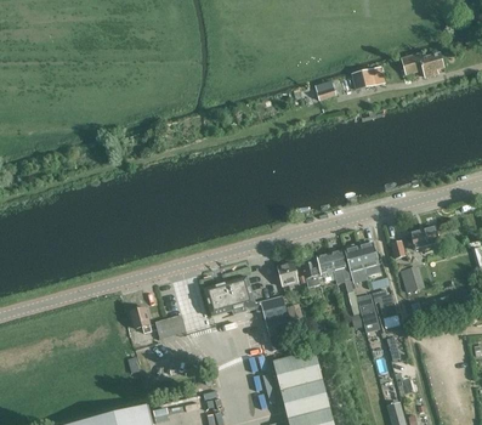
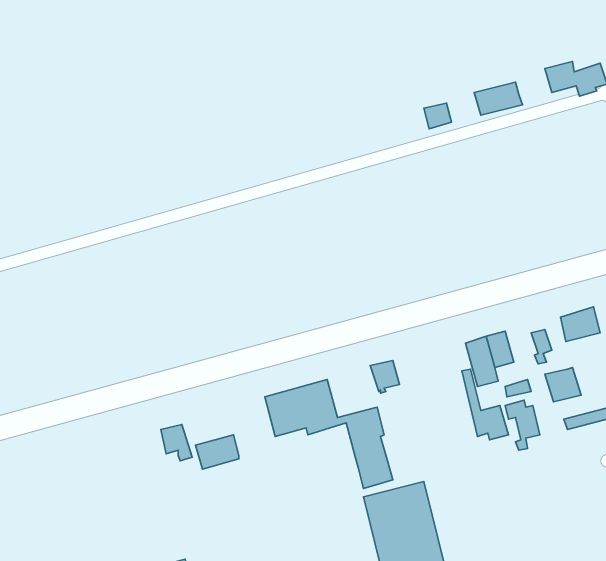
building: [304,249,346,287] -> none

